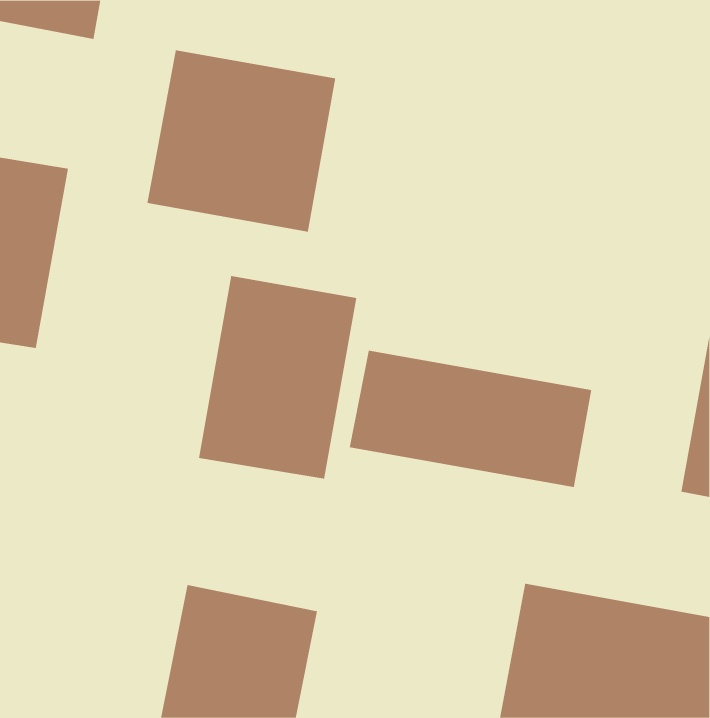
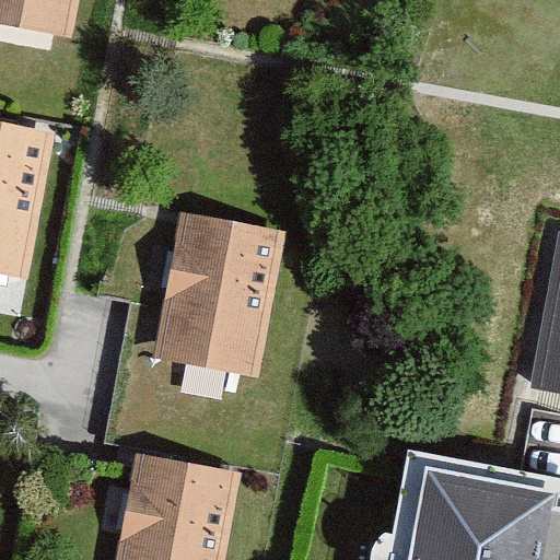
building: [147,50,336,232] -> none
building: [349,350,592,488] -> none

